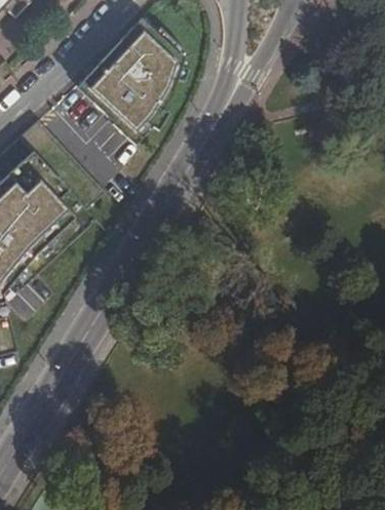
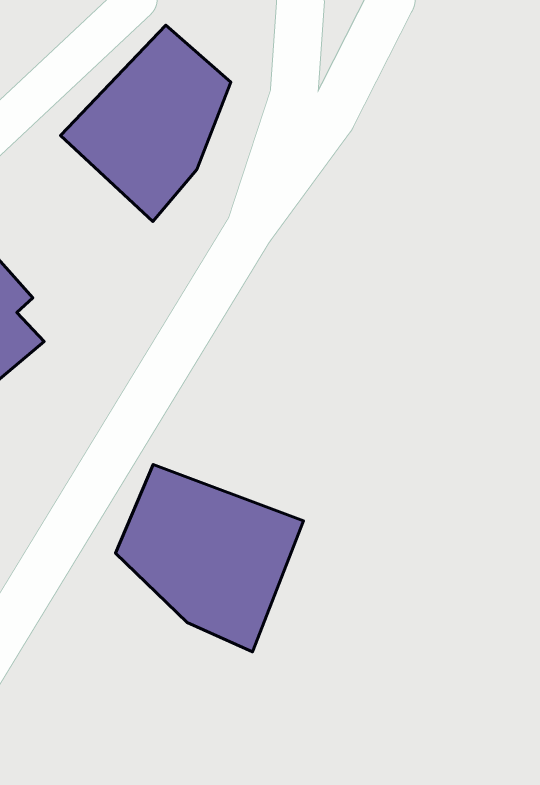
building: none -> [116,465,304,652]

